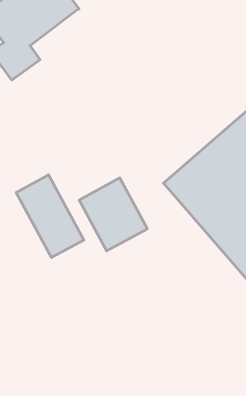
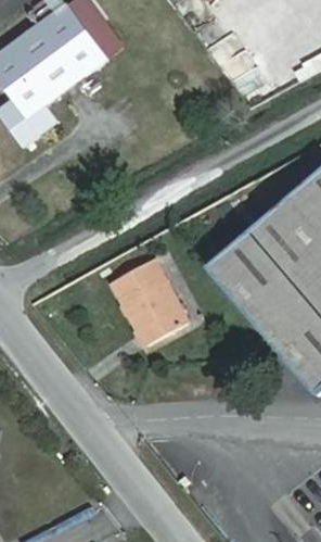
building: [16,175,84,258] -> none

